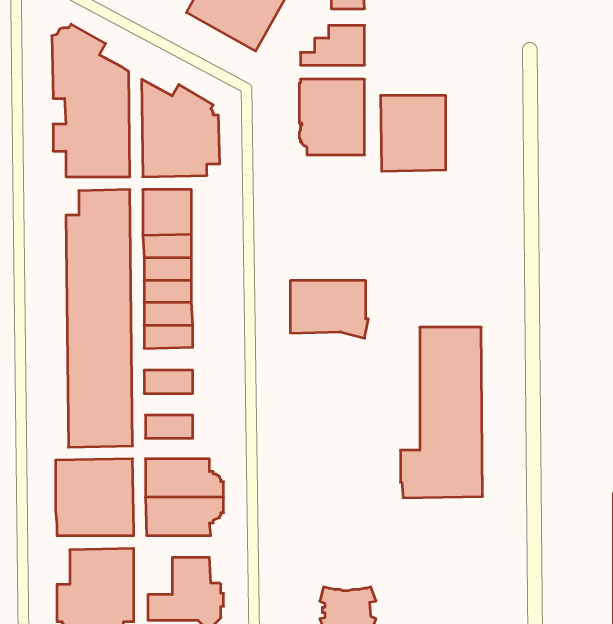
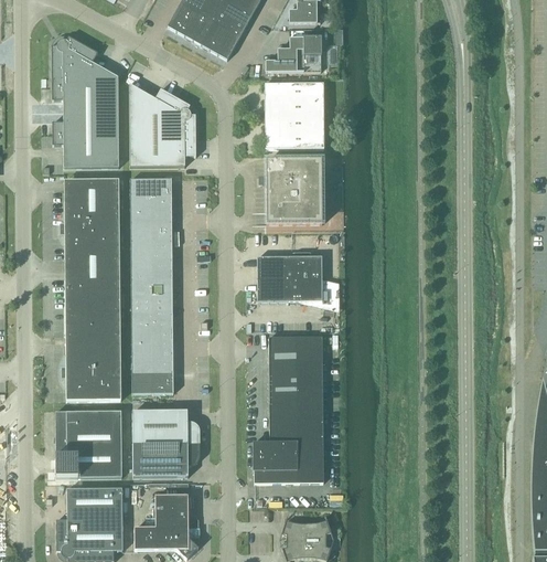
building: [380,96,446,171] -> [266,159,322,224]
building: [400,327,483,498] -> [253,336,323,483]
building: none -> [131,314,173,333]
building: none -> [131,353,173,372]

